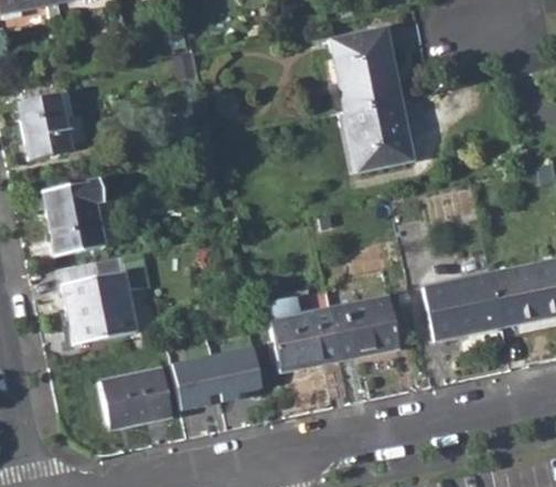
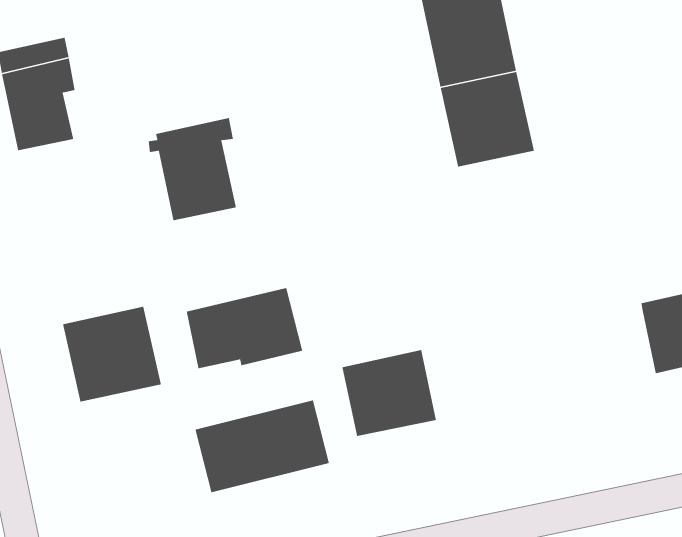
building: [39,179,105,256] -> [148,117,237,221]
building: [427,277,504,339] -> none
building: [331,294,400,359] -> none
building: [87,366,174,426] -> [186,287,303,369]

